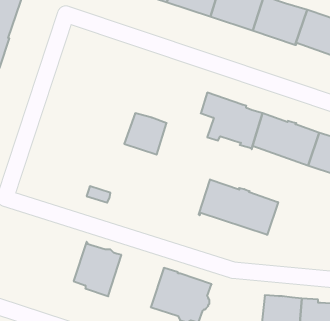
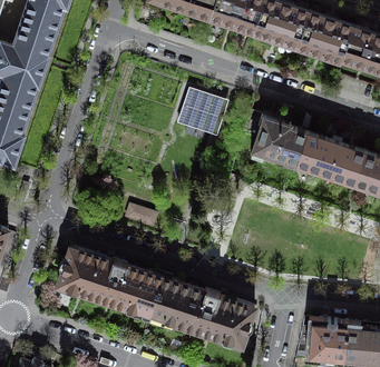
building: [124,113,167,155] -> [177,88,221,130]
building: [199,179,278,235] -> none
building: none -> [42,246,126,302]
building: none -> [148,276,205,329]

